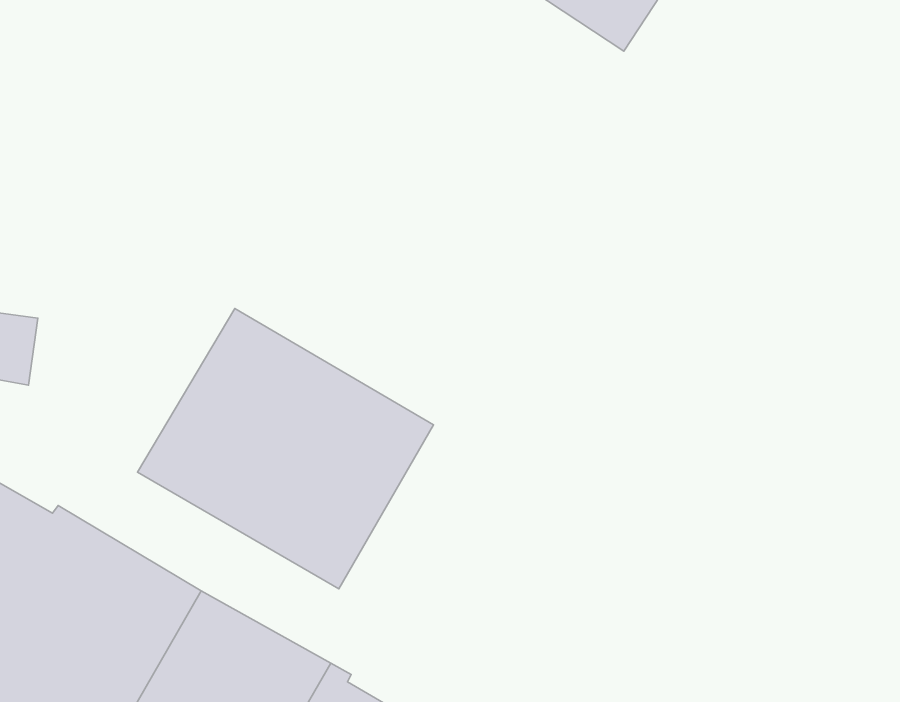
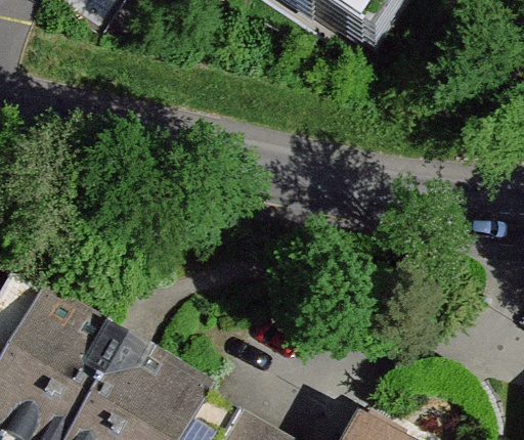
building: [137,309,434,589] -> none

